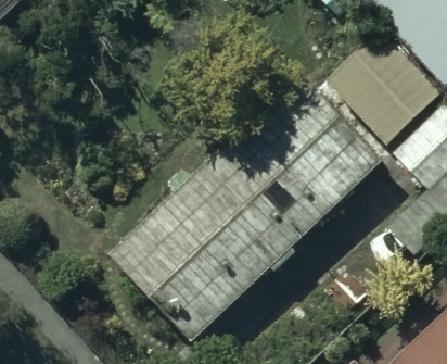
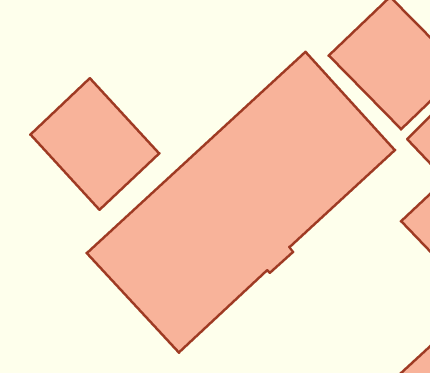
building: none -> [30,78,159,210]

